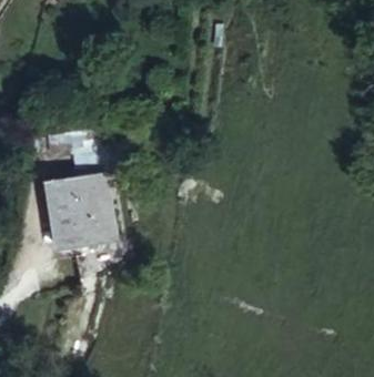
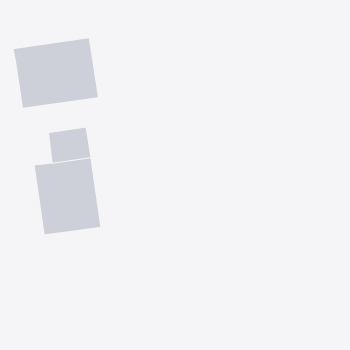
building: none -> [13,38,98,109]

